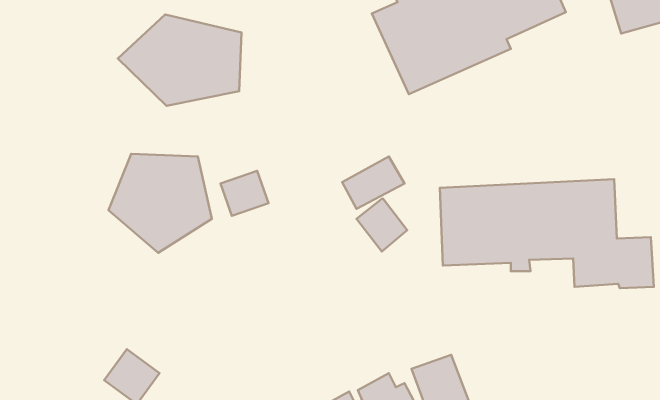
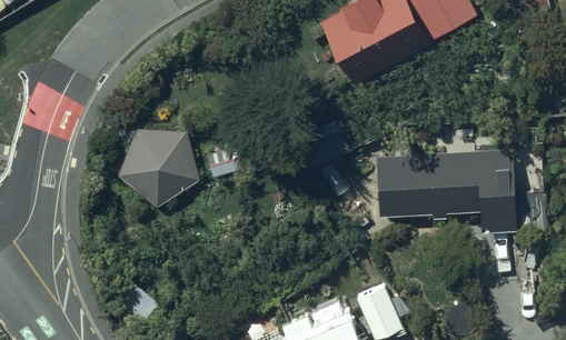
building: [118,14,242,106] -> none

